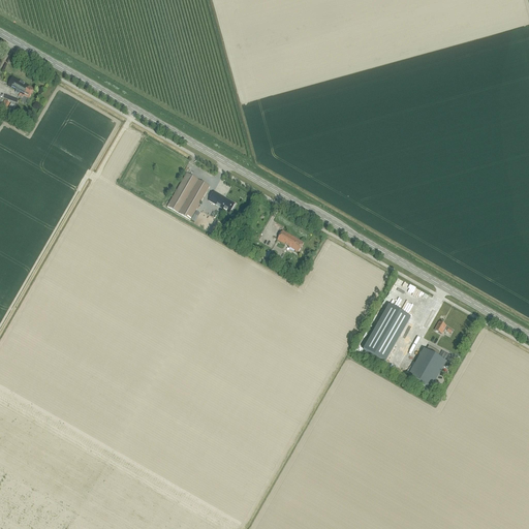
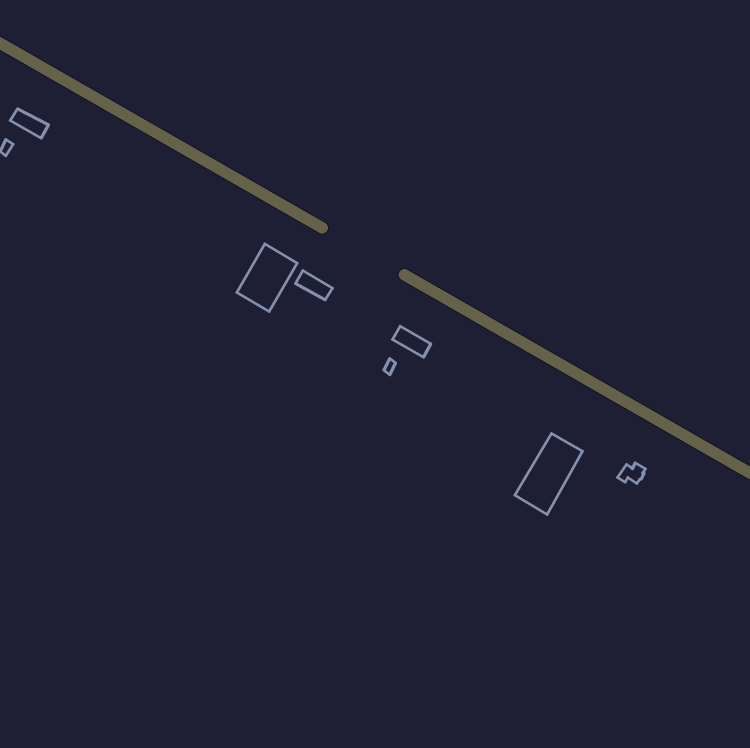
building: [407,344,445,387] -> none

